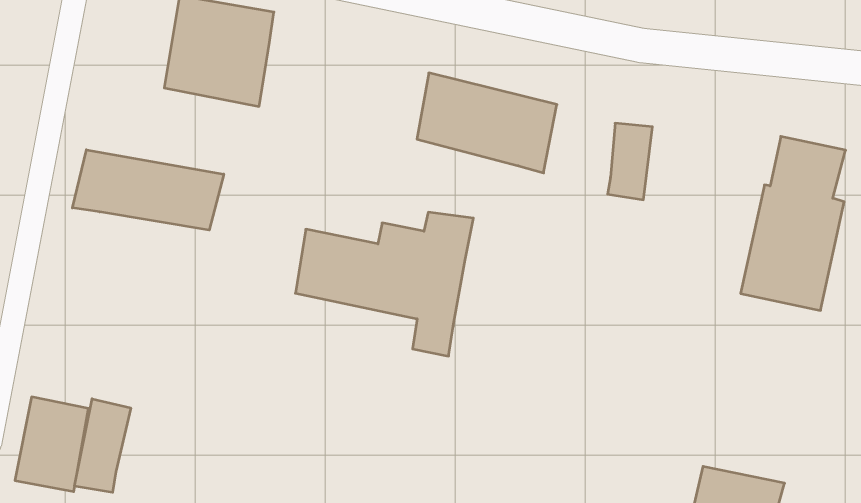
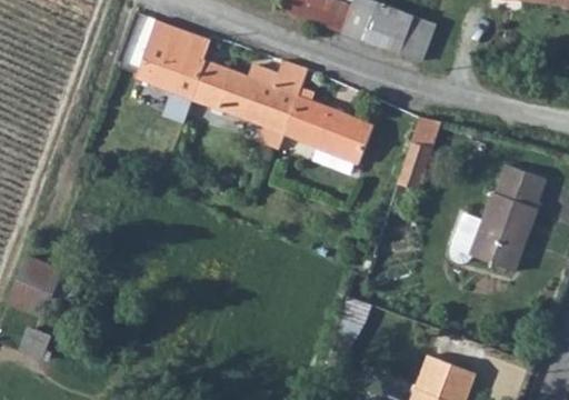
building: [72,150,224,230] -> none
building: [295,212,473,356] -> [193,61,308,151]
building: [75,399,131,492] -> none

